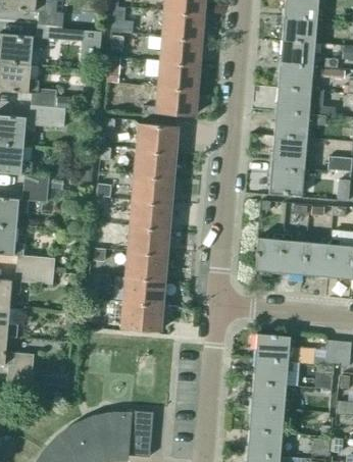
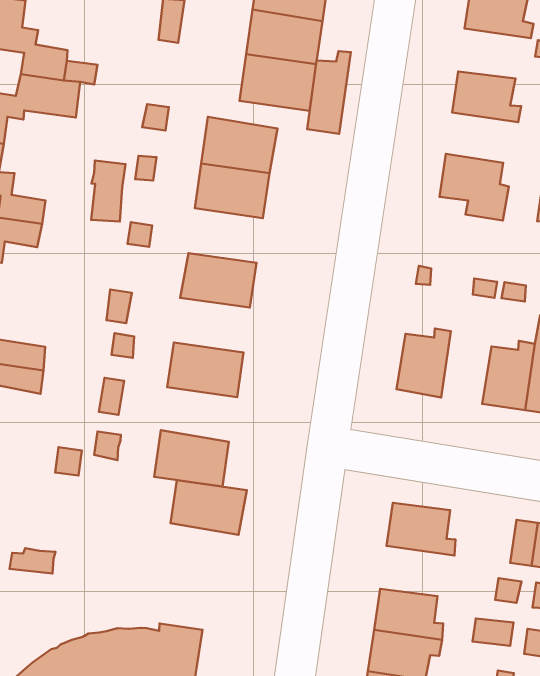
building: [279,63,318,90] -> none
building: none -> [307,51,351,134]
building: [274,111,314,138] -> none
building: [269,159,309,195] -> none
building: [133,174,173,203] -> none
building: [128,225,169,254] -> none
building: [281,235,307,274] -> none
building: [123,276,165,305] -> [171,480,247,535]
building: [253,358,294,384] -> none

